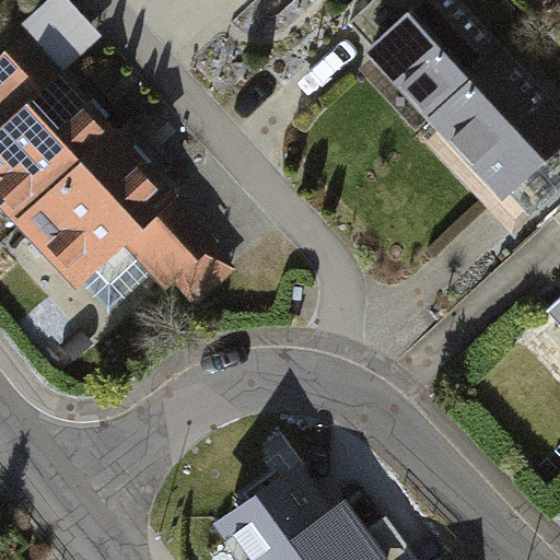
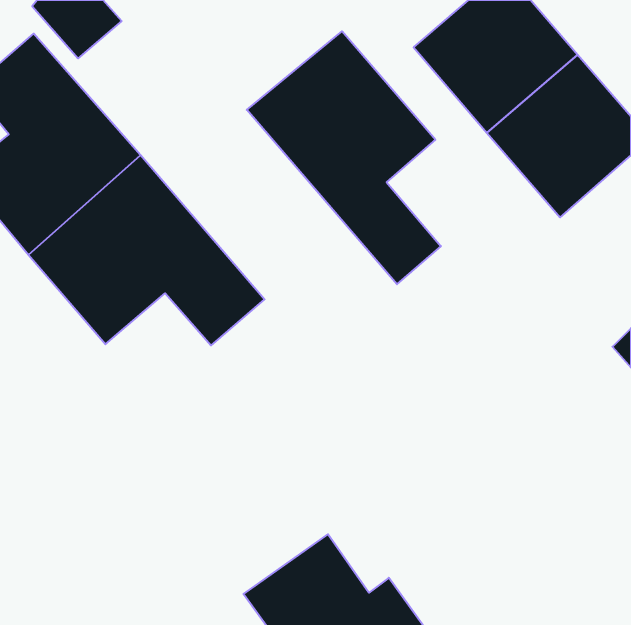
building: none -> [247,31,441,284]

